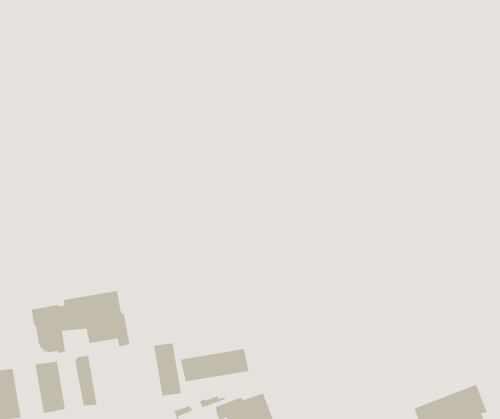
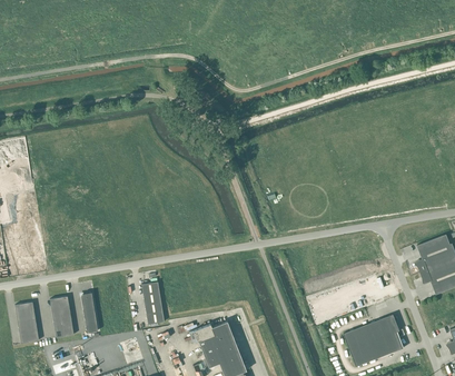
building: [31,290,130,354] -> none
building: [180,348,250,382] -> none

